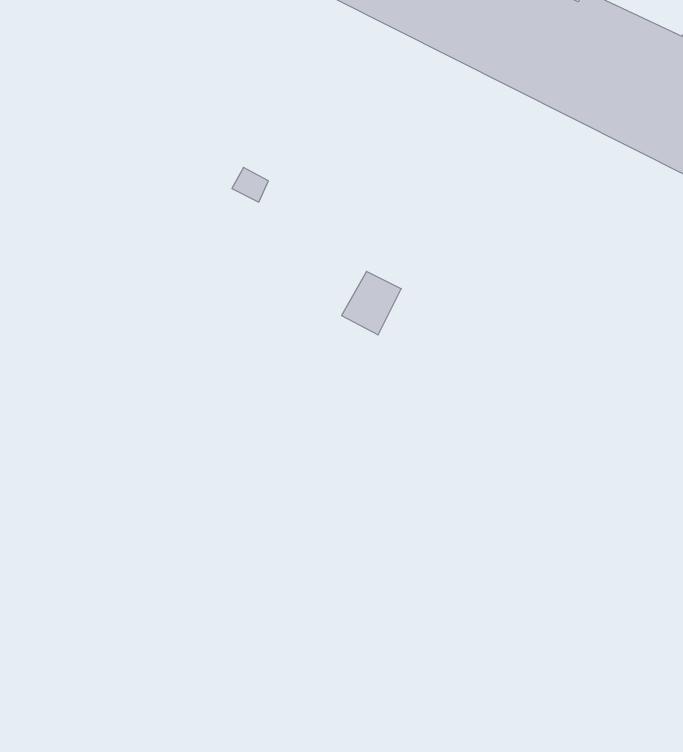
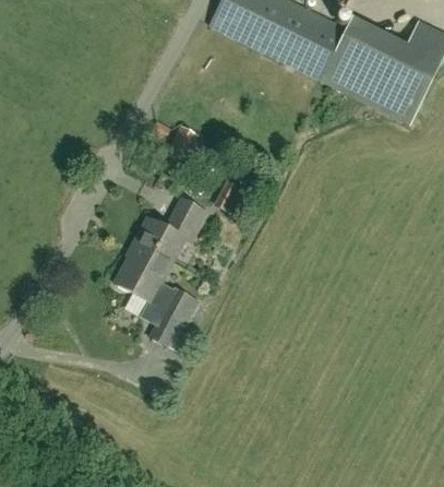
building: none -> [115,199,207,346]

